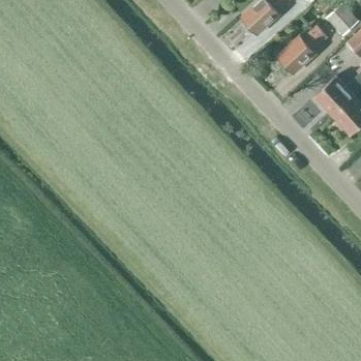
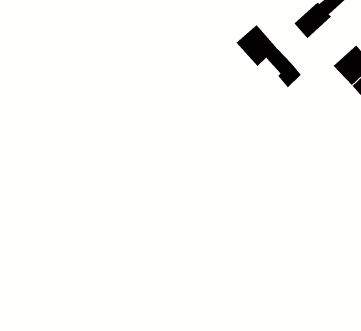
building: none -> [236,24,301,88]

